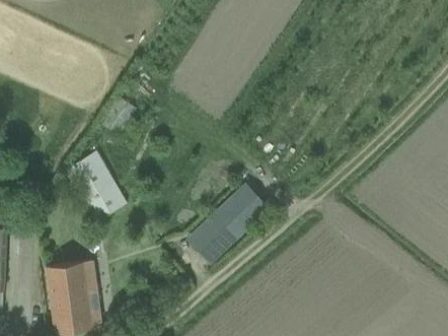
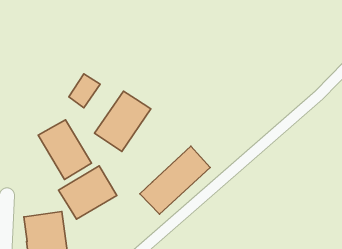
building: none -> [94,91,151,152]
building: none -> [58,166,117,219]

